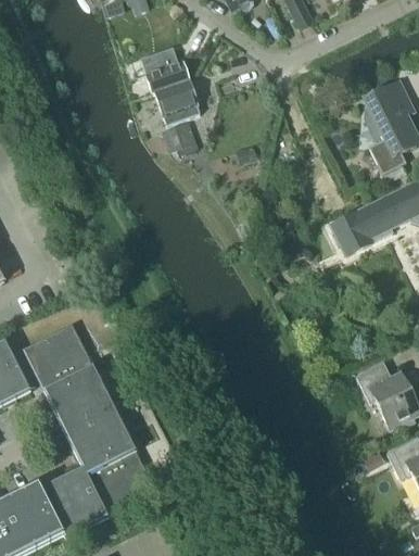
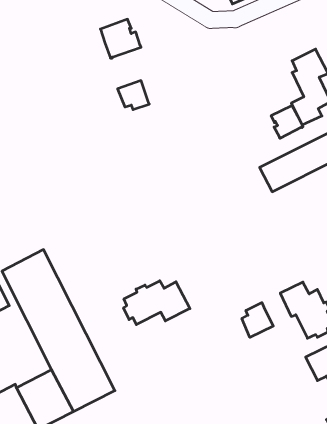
building: [154,79,200,124] -> none
building: none -> [271,105,303,138]
building: none -> [124,281,190,325]
building: none -> [242,303,273,337]

